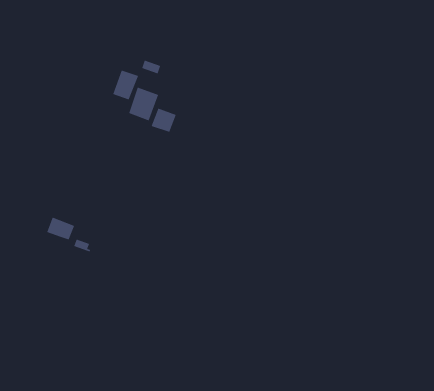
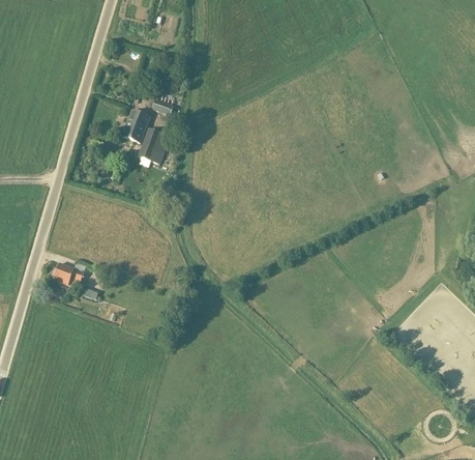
building: [150,108,177,133] -> none

